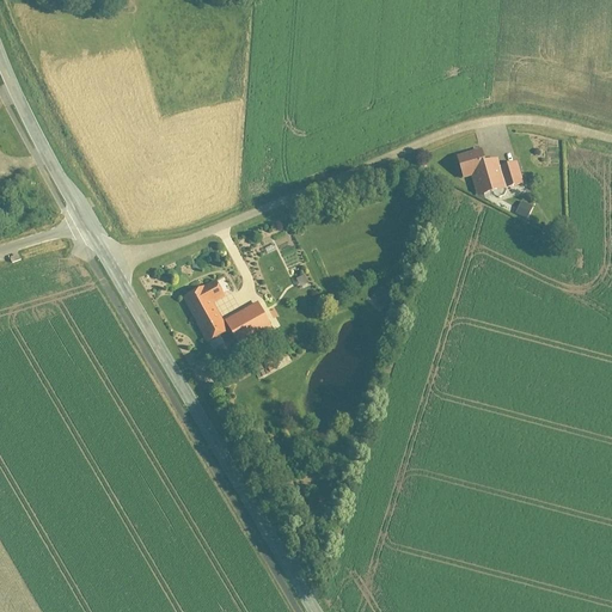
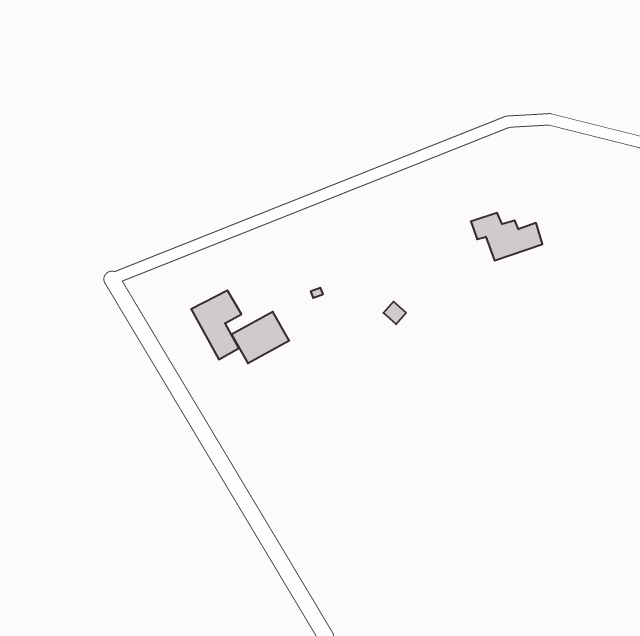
building: [455,148,524,194] -> [471,213,542,261]

